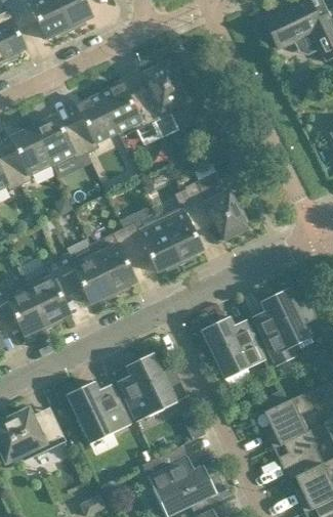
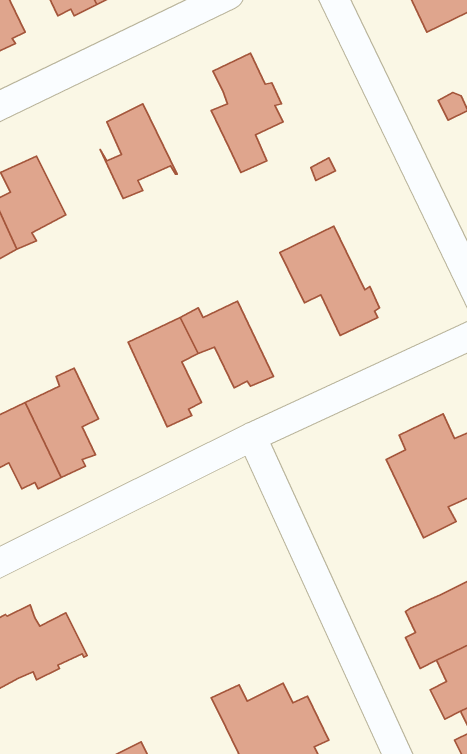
building: [100,83,163,146] -> none
building: [34,115,88,163] -> none
building: [160,186,204,264] -> none
building: [57,243,116,303] -> none
building: [202,315,266,379] -> none
building: [118,352,177,421] -> none
building: [68,381,131,443] -> none

